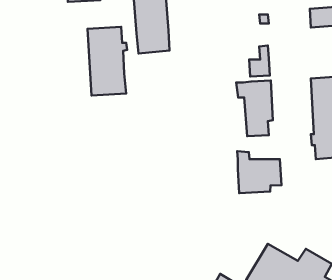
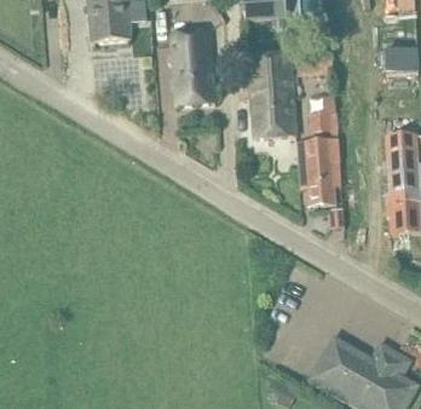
building: [87,27,127,96] -> [249,53,298,137]
building: [237,151,281,193] -> none

